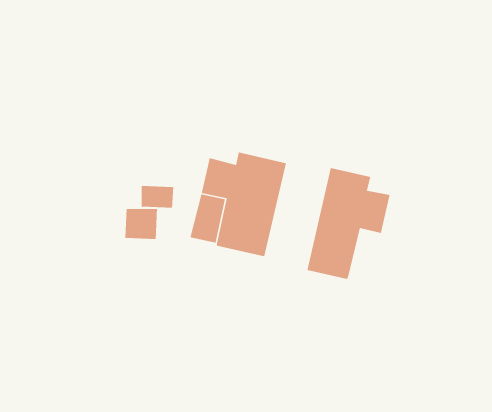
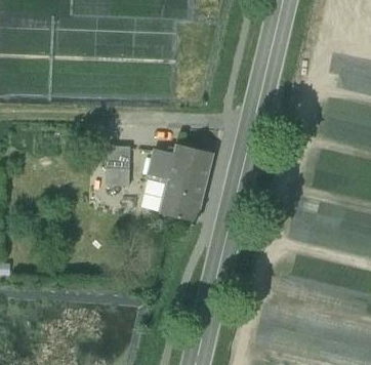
building: [307,167,391,280] -> none
building: [124,208,158,240] -> [106,147,130,170]

